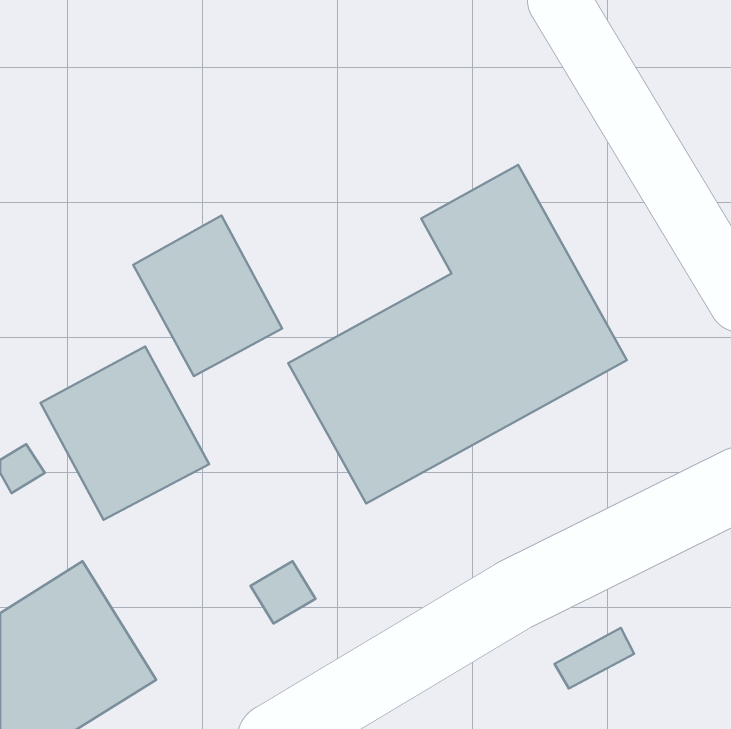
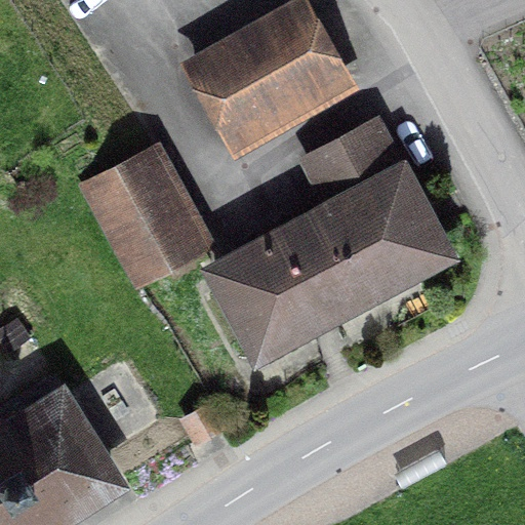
building: none -> [202,13,346,139]
building: [41,346,209,520] -> none

